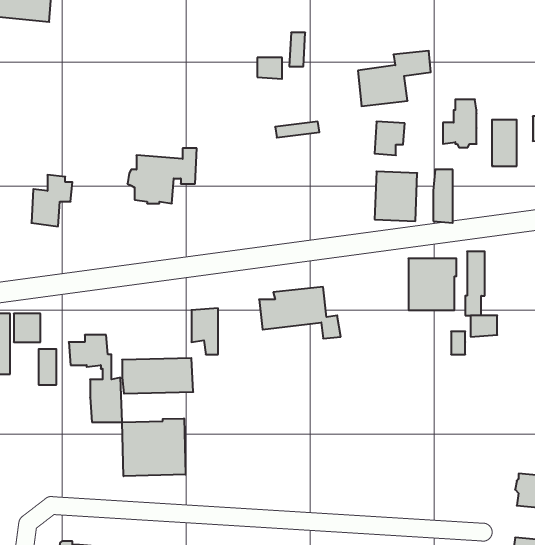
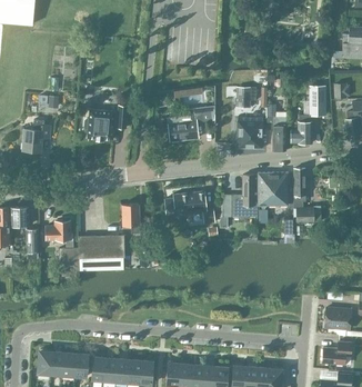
building: [358,51,431,106] -> [168,107,213,141]
building: [443,99,477,147] -> [291,116,312,146]
building: none -> [231,176,257,217]
building: [122,418,185,476] -> none

